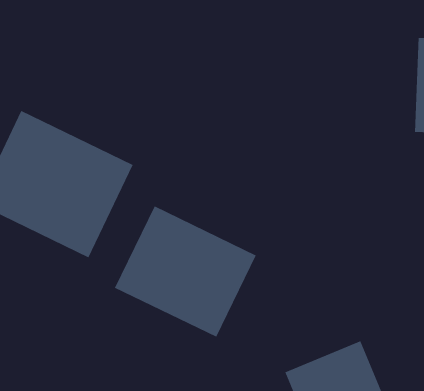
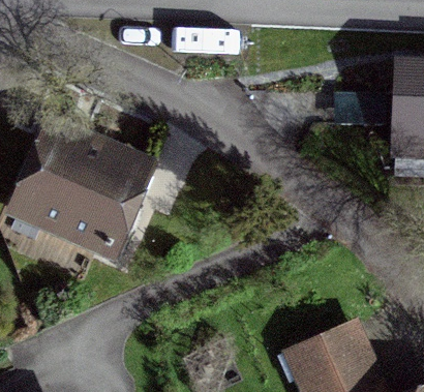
building: [114,205,257,338] -> none

